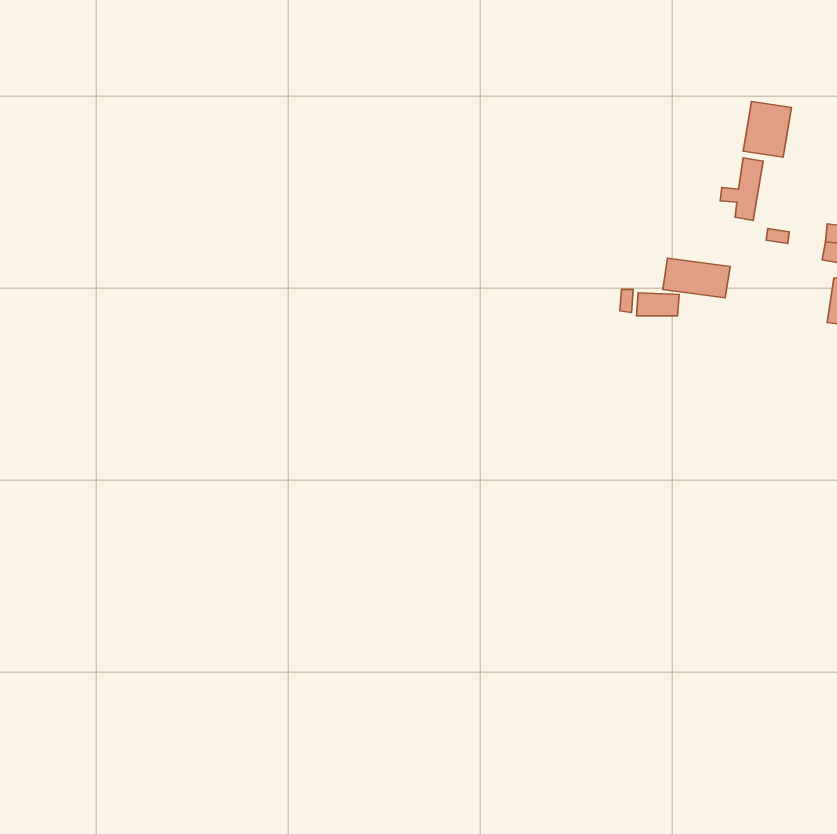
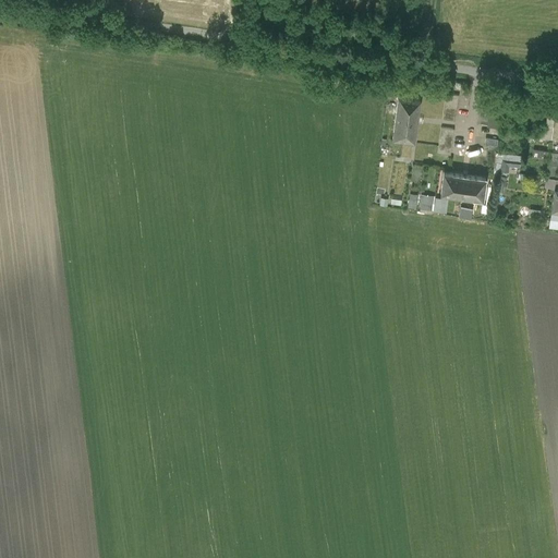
building: [743,102,791,157] -> none
building: none -> [393,99,421,145]

